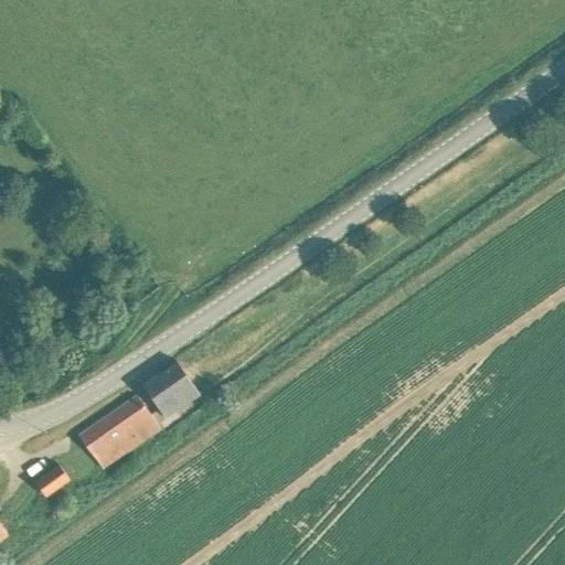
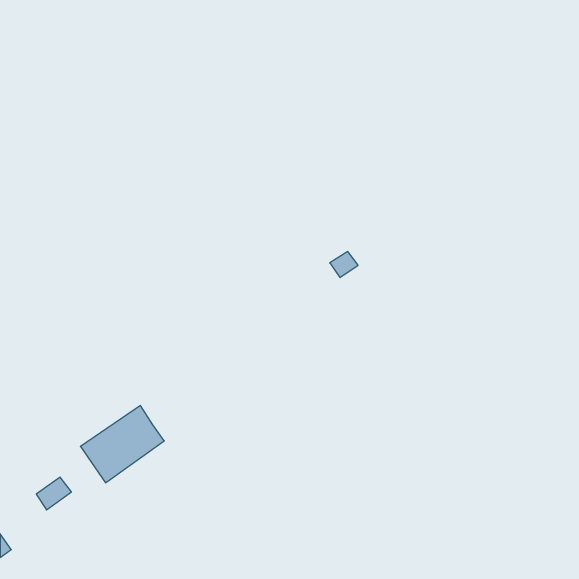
building: [143,361,199,415] -> none

